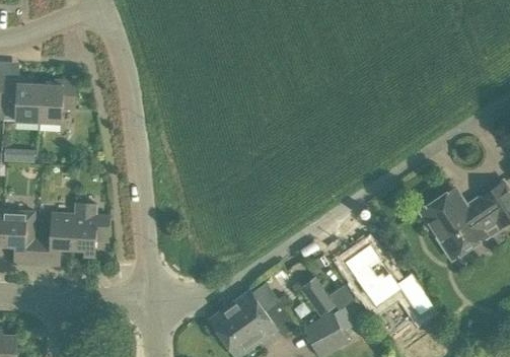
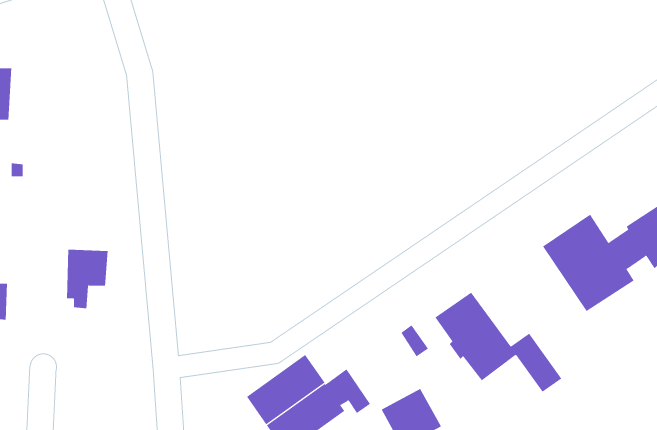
building: [39,80,76,124] -> none
building: [37,213,80,266] -> none
building: [301,279,335,316] -> none

